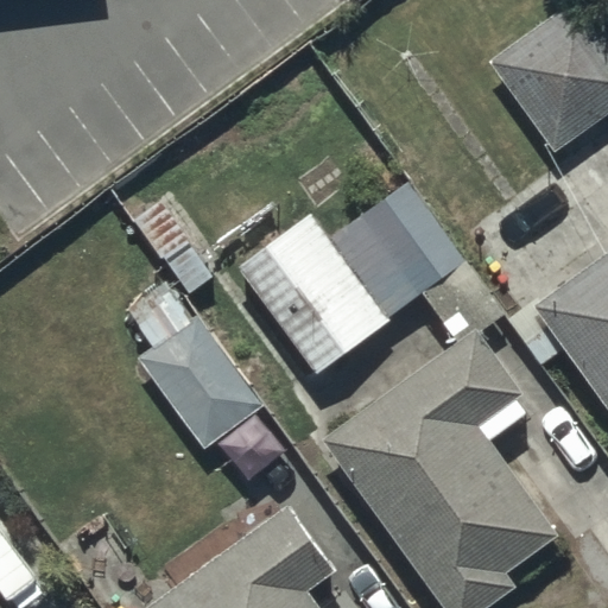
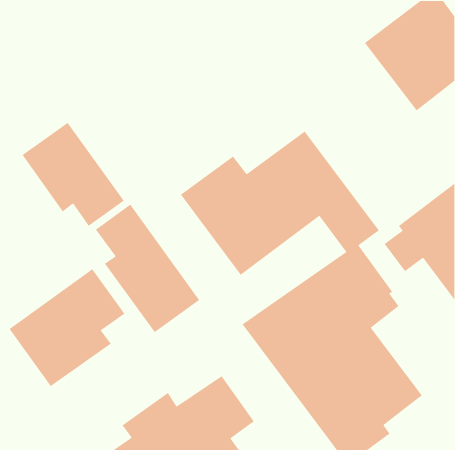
building: none -> [22,122,125,227]
building: none -> [8,268,126,387]

